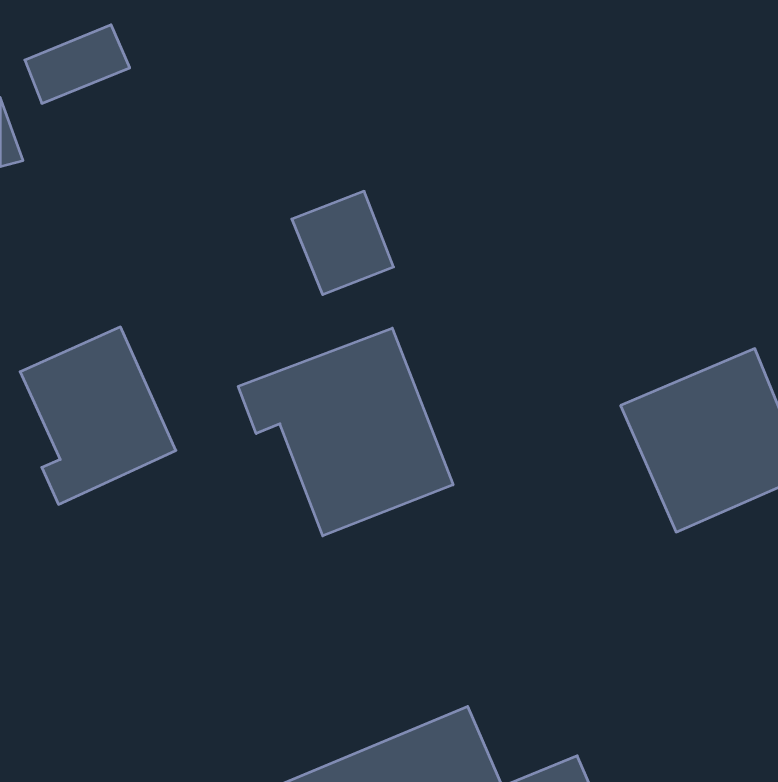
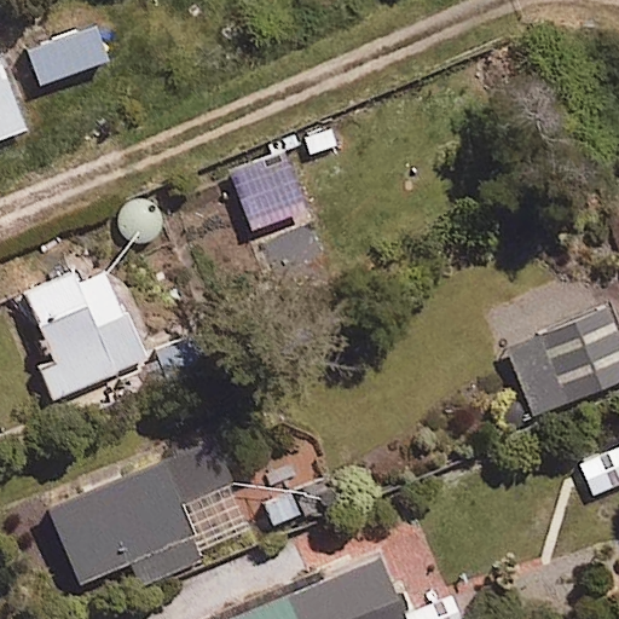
building: [238,328,453,536] -> none
building: none -> [46,440,254,588]

